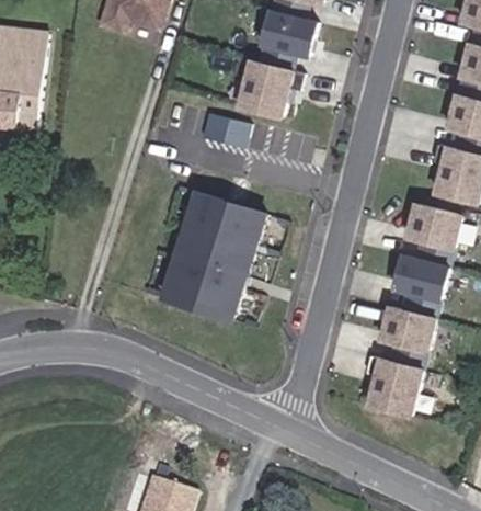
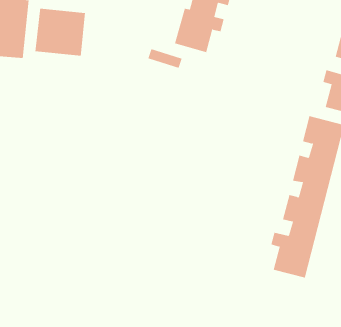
building: none -> [35,8,85,56]
building: [161,191,264,319] -> none

